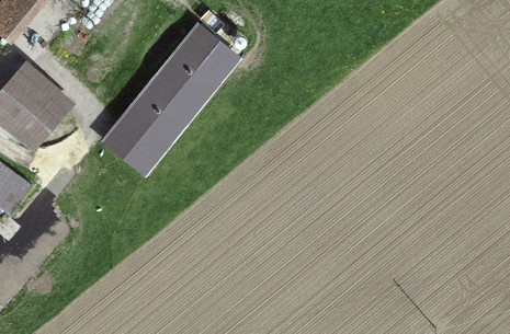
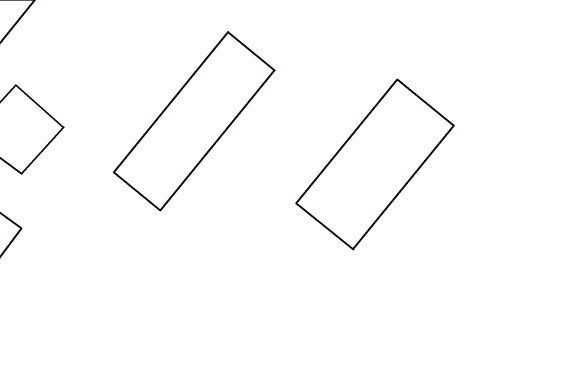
building: none -> [296,80,454,249]

